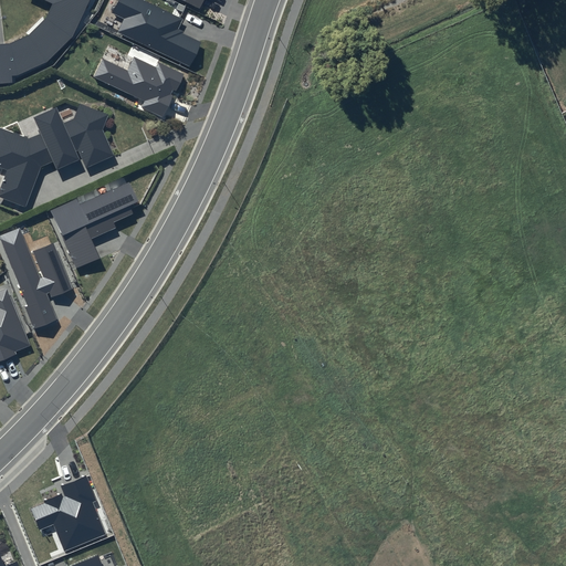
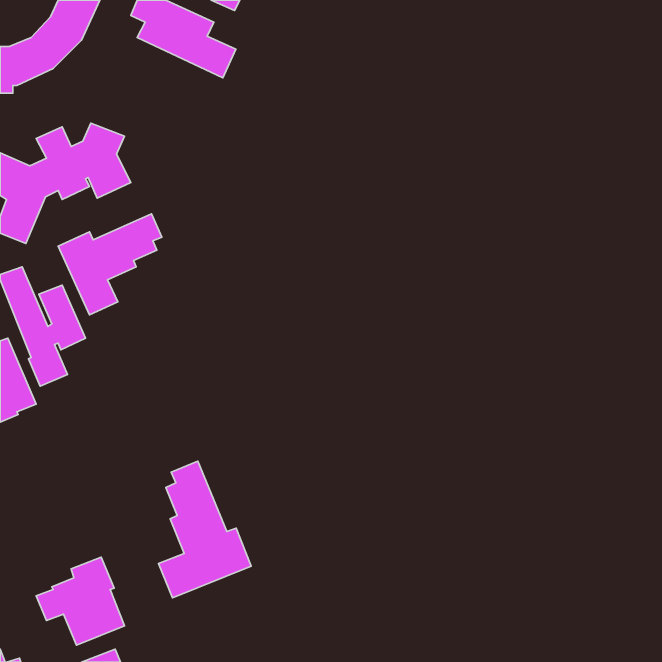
building: [93,56,182,117] -> none
building: none -> [159,461,251,598]

